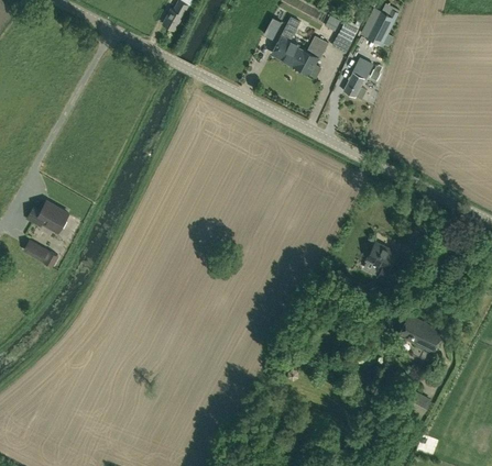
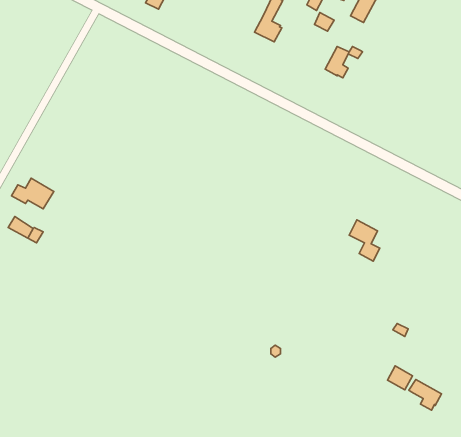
building: [291,35,327,76] -> none
building: [398,314,441,351] -> none
building: none -> [409,379,441,410]

